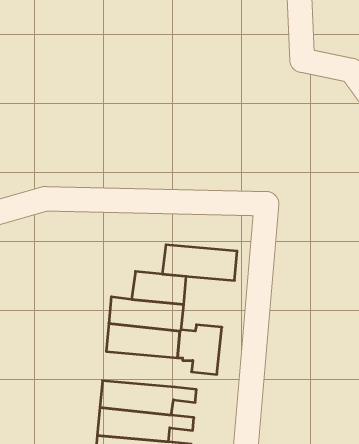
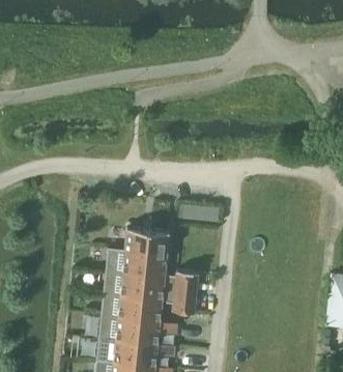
building: [162,245,237,280] -> [99,293,161,322]

